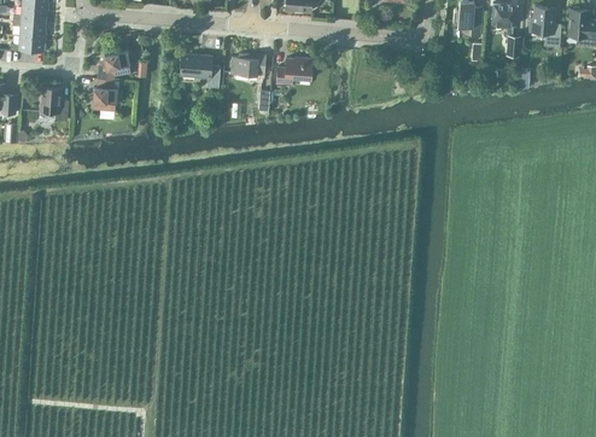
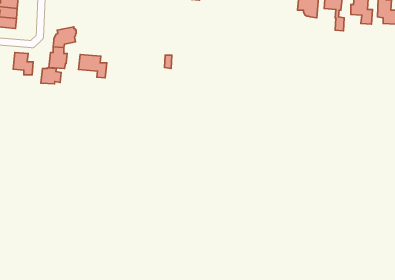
building: [180,54,221,88] -> [79,55,107,78]
building: [230,54,267,76] -> none
building: [276,59,312,85] -> none
building: none -> [41,68,61,84]

